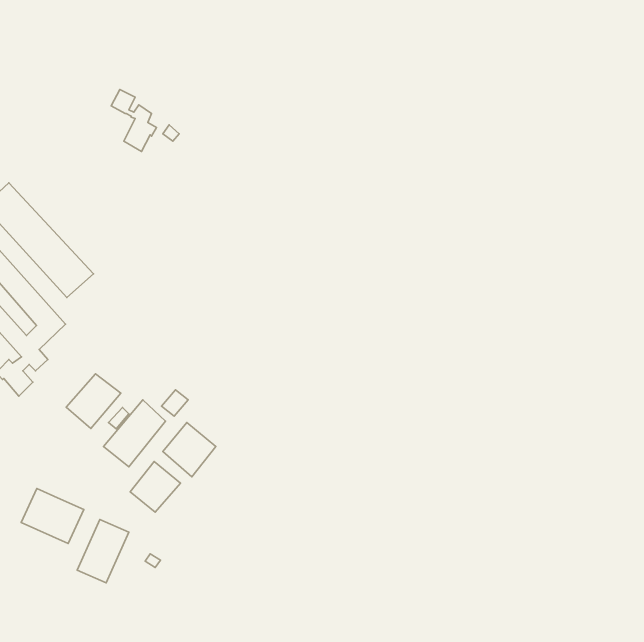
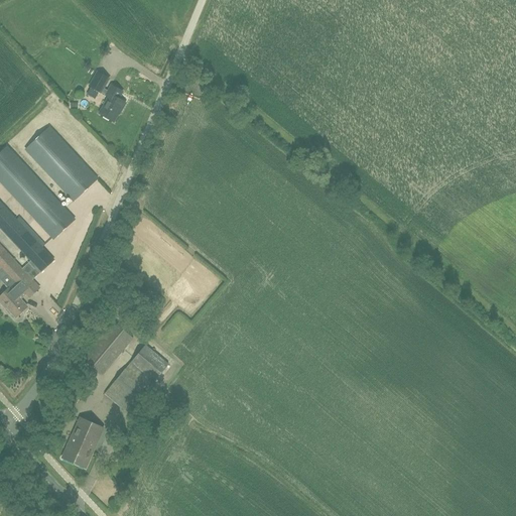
building: none -> [26,127,96,202]
building: [66,374,121,429] -> none
building: [21,489,84,544] -> none

